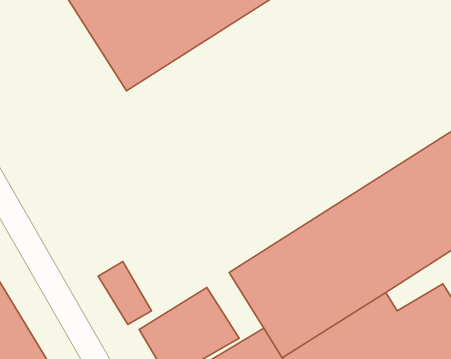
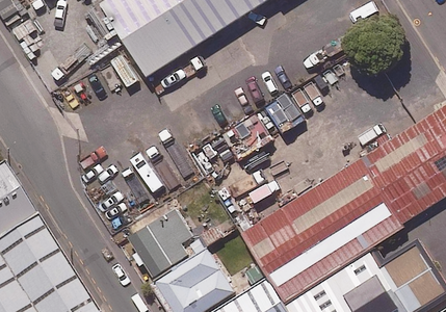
building: none -> [147,204,193,262]

